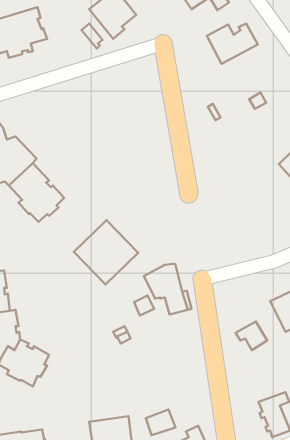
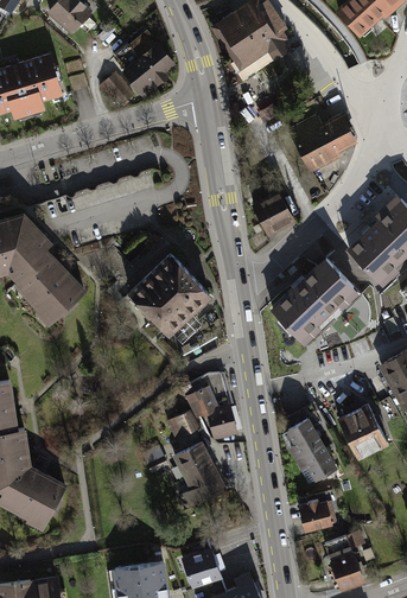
building: [207,23,258,64] -> [292,116,355,166]
building: none -> [254,195,293,233]
building: none -> [273,260,354,339]
building: [74,220,138,284] -> [131,255,210,335]
building: none -> [288,420,322,459]
building: none -> [176,444,224,509]
building: none -> [301,501,331,530]

